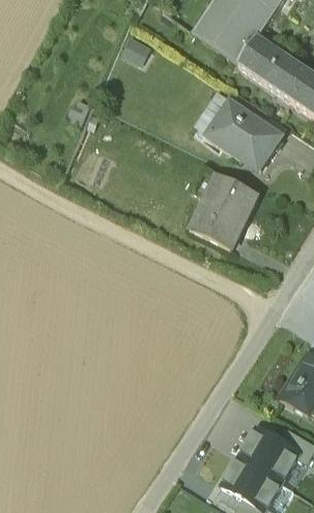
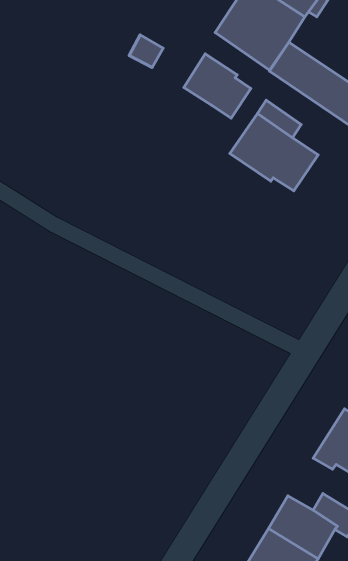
building: none -> [184,54,251,118]
building: [191,174,252,248] -> none

